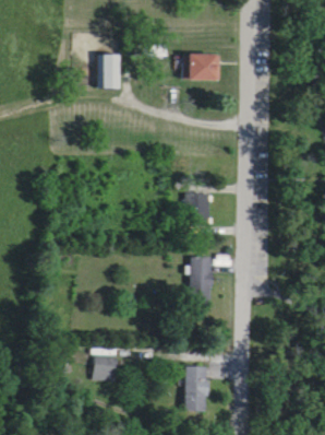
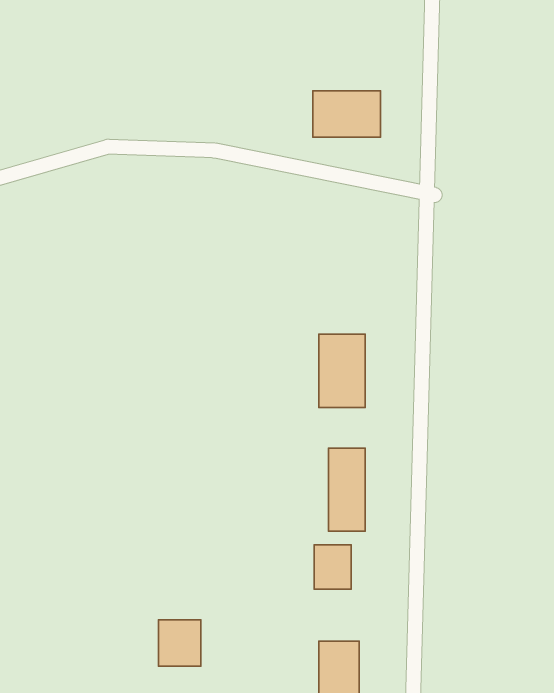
building: [97,54,119,87] -> none
building: none -> [314,545,351,589]

